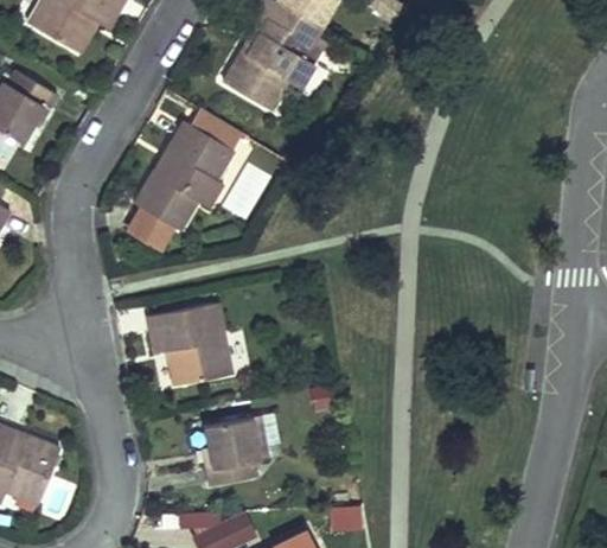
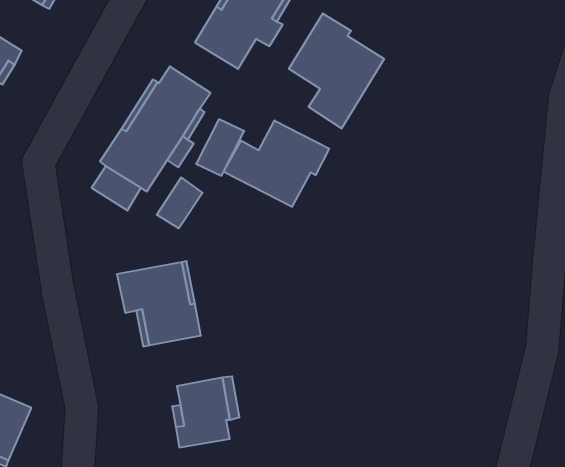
building: none -> [289,13,384,129]
building: none -> [223,120,329,207]
building: none -> [157,177,203,228]

